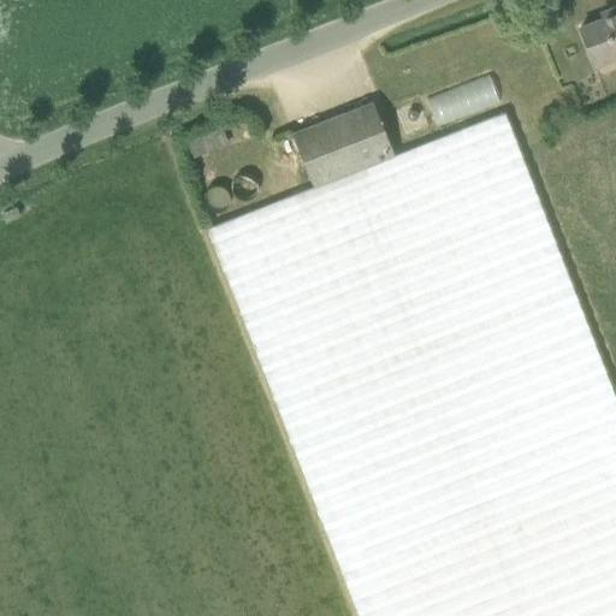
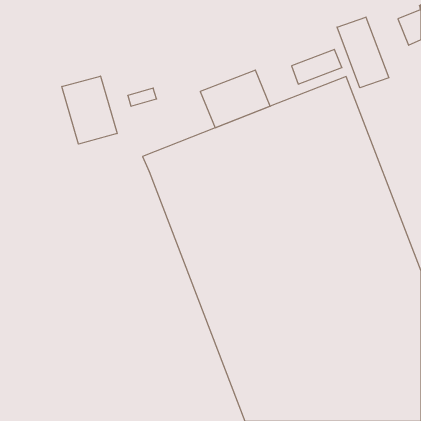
building: none -> [337,17,389,88]
building: none -> [62,76,117,144]

